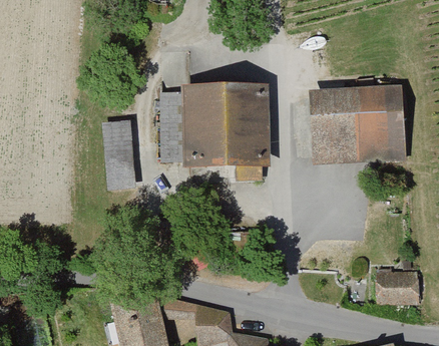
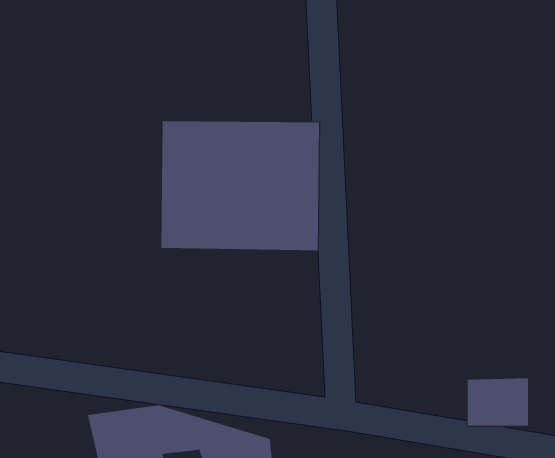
building: [307,85,413,165] -> none
building: [103,121,132,190] -> none

